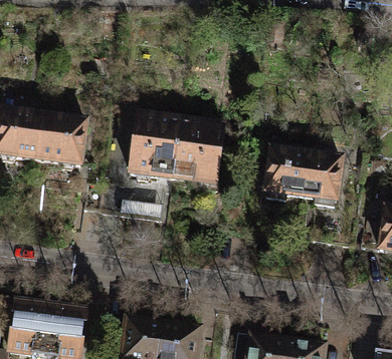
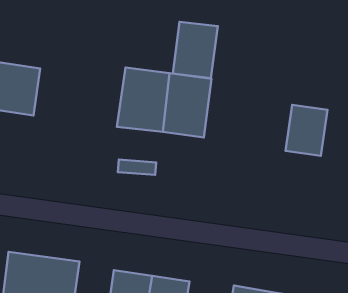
building: none -> [173,22,218,78]
building: [38,108,89,163] -> none
building: [263,141,310,195] -> none

